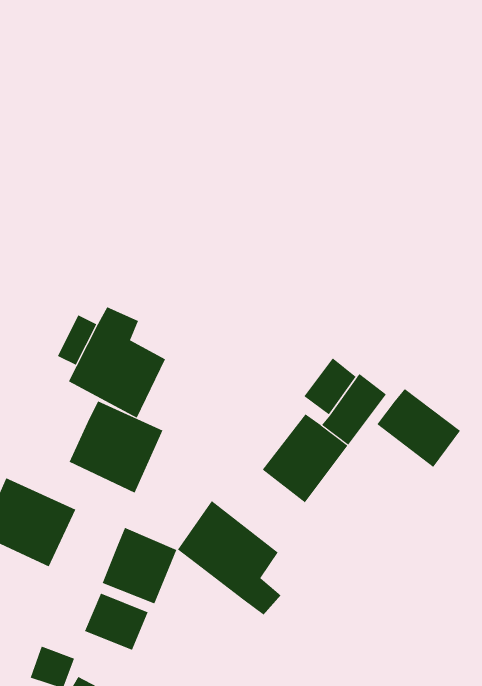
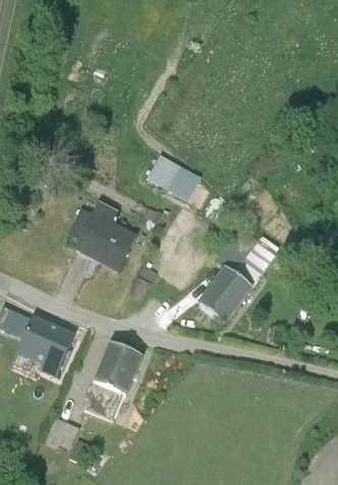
building: none -> [147,154,202,200]
building: [376,388,461,468] -> none
building: [69,401,163,493] -> none
building: [177,500,282,616] -> none

